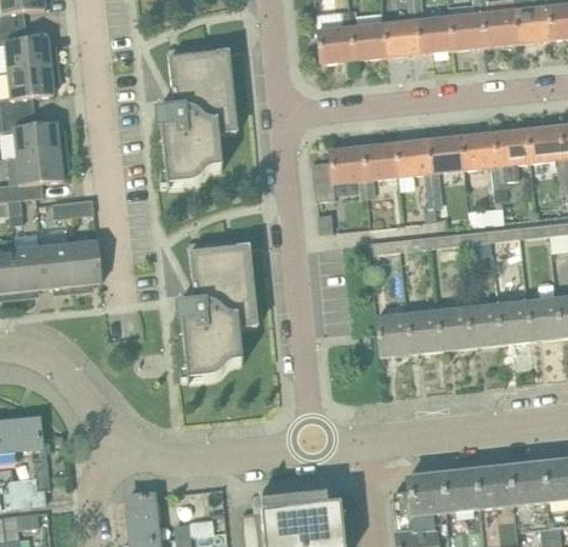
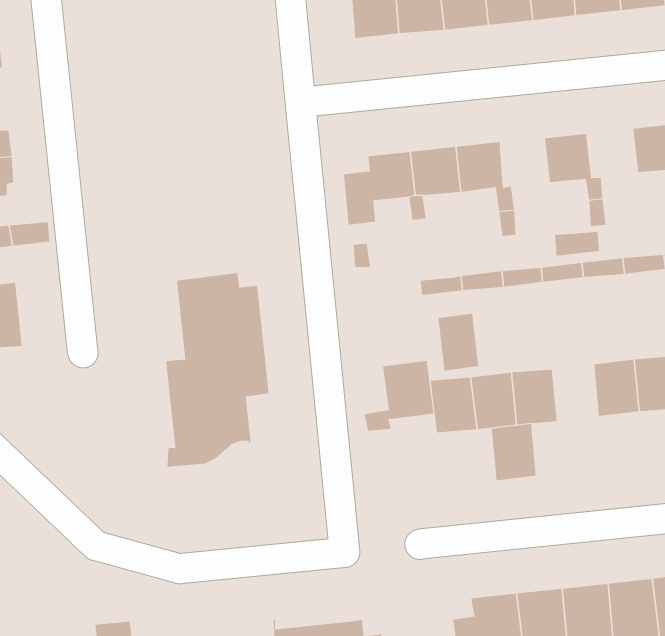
building: [159,41,237,186] -> none
building: [493,129,530,165] -> none
building: [428,136,465,172] -> none
building: [69,240,102,290] -> none
building: none -> [438,313,479,371]
building: none -> [364,360,434,431]
building: [467,303,501,346] -> [491,423,537,481]

